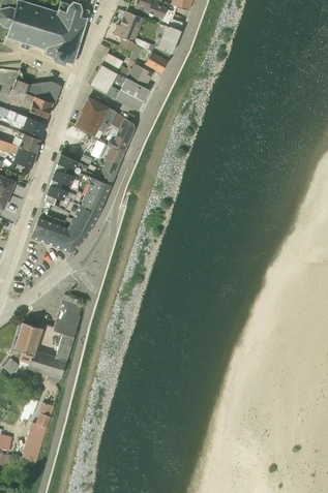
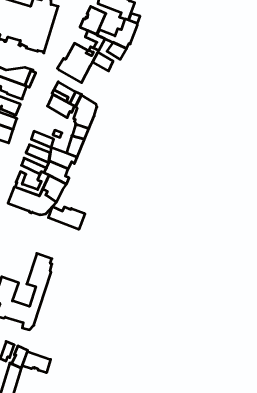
building: [115,79,148,111] -> none
building: none -> [48,206,85,229]
building: none -> [22,351,51,373]

